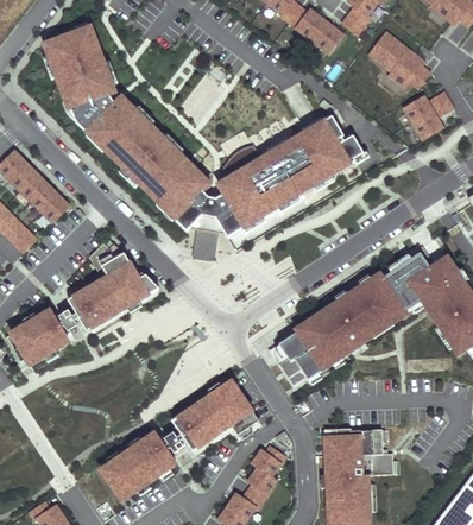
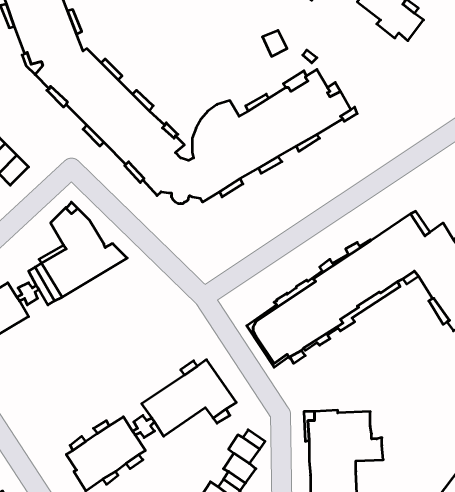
building: [404,91,454,139] -> none
building: [193,229,219,261] -> none

